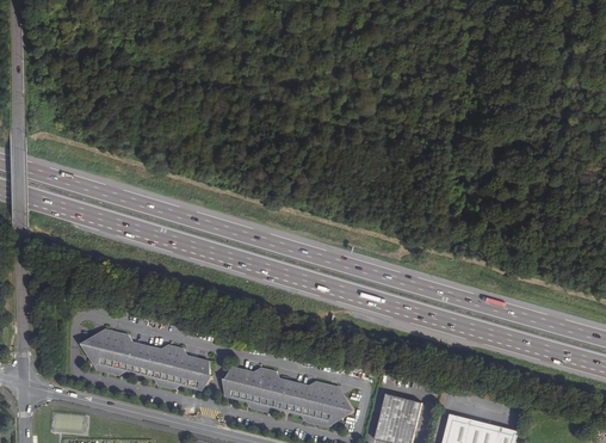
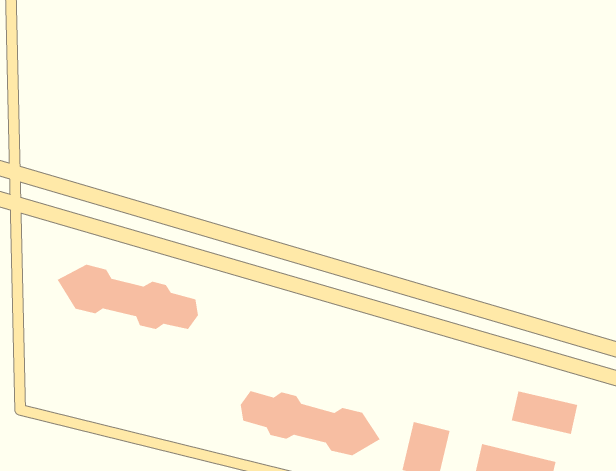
building: [84,328,215,389] -> [57,264,199,330]
building: none -> [511,390,578,435]

